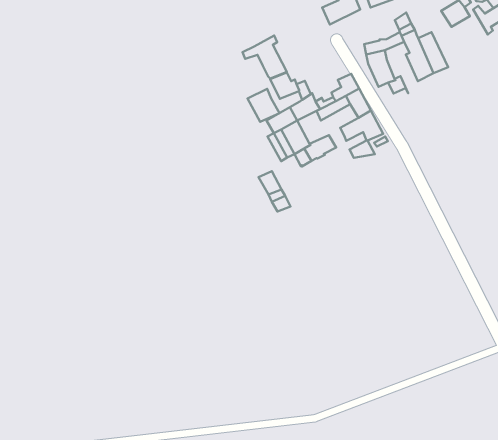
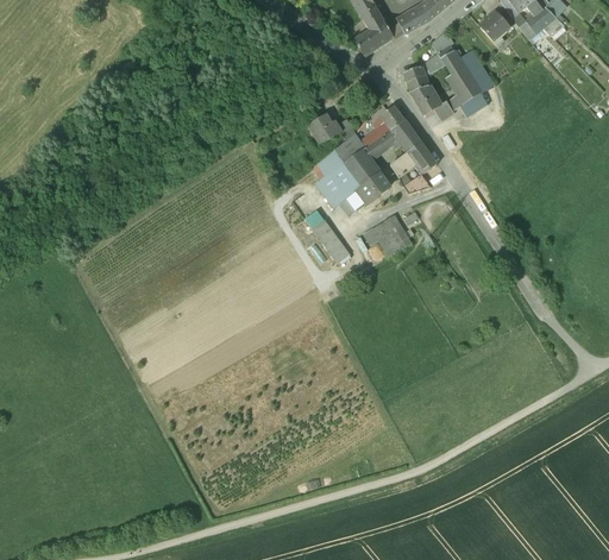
building: [242,35,287,79] -> none
building: [248,89,279,122] -> [344,149,379,184]
building: none -> [372,213,412,254]

